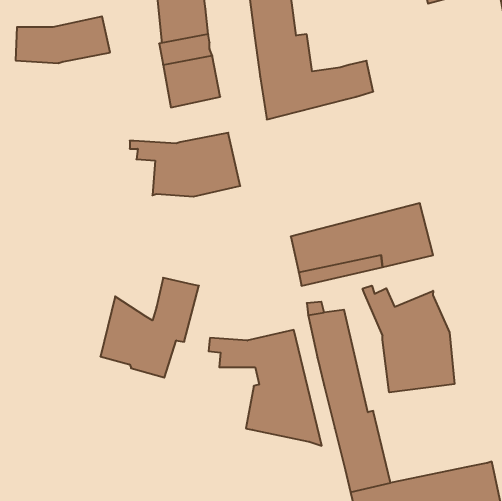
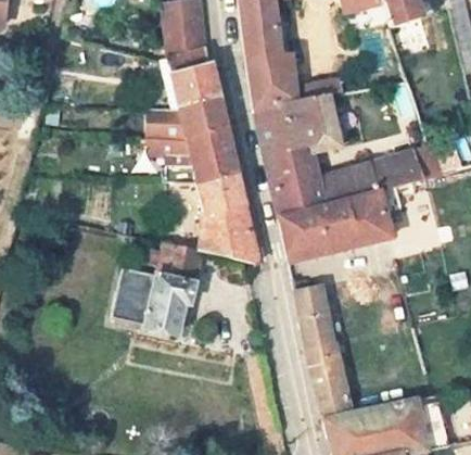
building: [16,16,110,63] -> [149,101,226,139]
building: none -> [257,101,430,215]
building: [363,286,454,392] -> none
building: [209,330,322,446] -> [166,174,258,268]

